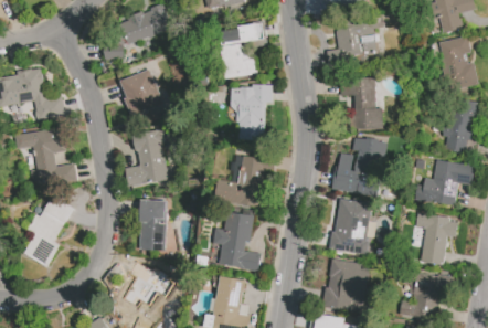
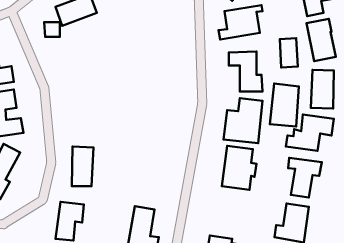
building: [221,24,266,78] -> none
building: none -> [280,38,298,67]
building: [119,70,163,117] -> none
building: [235,86,273,141] -> none
building: none -> [270,84,299,126]
building: [126,129,168,186] -> none
building: [215,156,268,209] -> none
building: [213,212,261,272] -> none
building: [323,260,370,311] -> none

